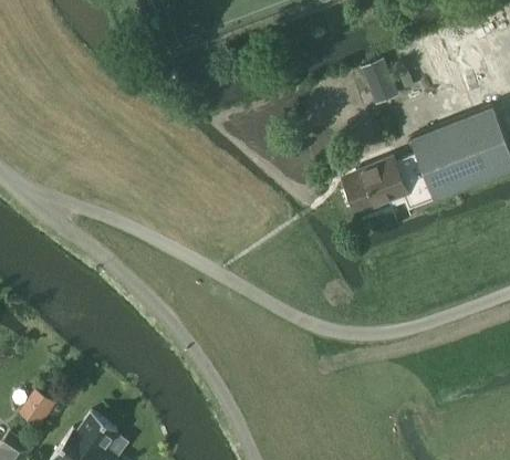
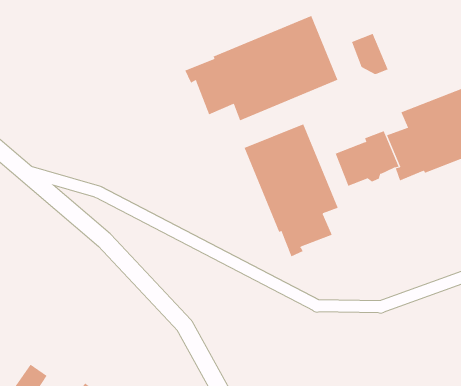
building: none -> [184,15,338,121]
building: none -> [244,123,339,257]

